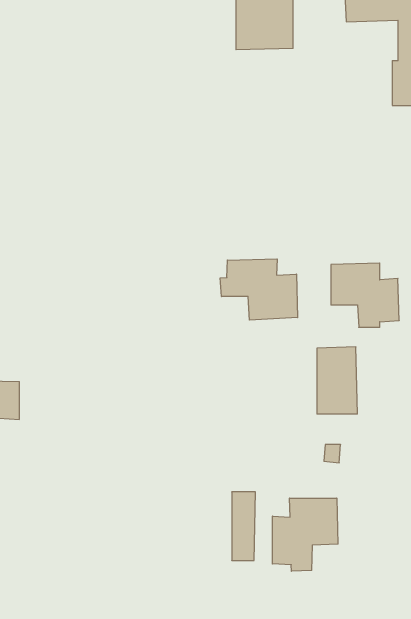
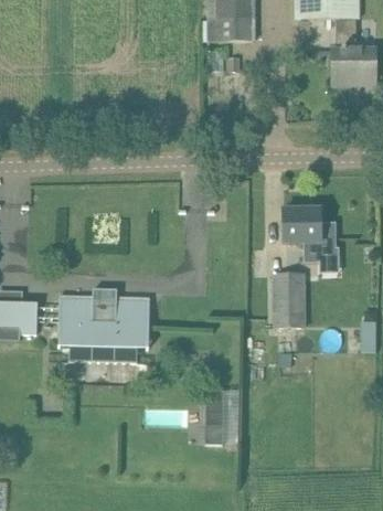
building: [220,259,298,320] -> none
building: none -> [58,288,149,360]
building: [272,498,338,571] -> none

